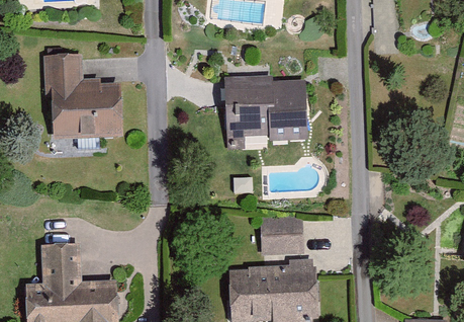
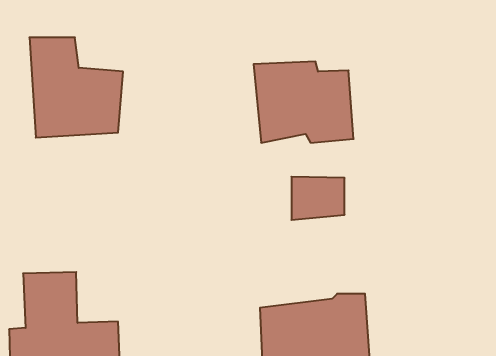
building: [264,219,306,253] -> [291,177,345,220]

